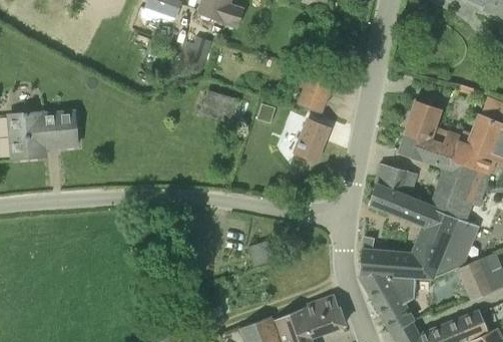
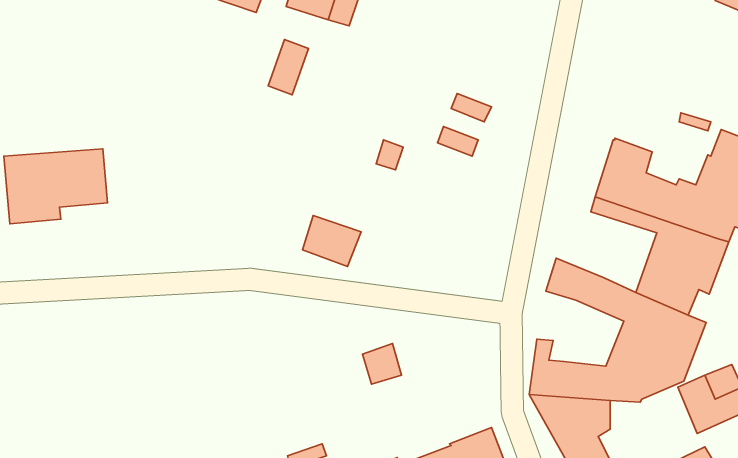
building: [200,89,239,123] -> [303,215,361,266]
building: [296,115,330,158] -> none
building: [377,164,414,196] -> none

